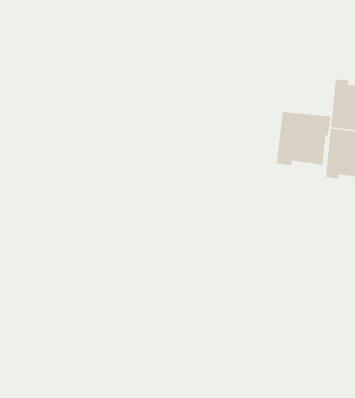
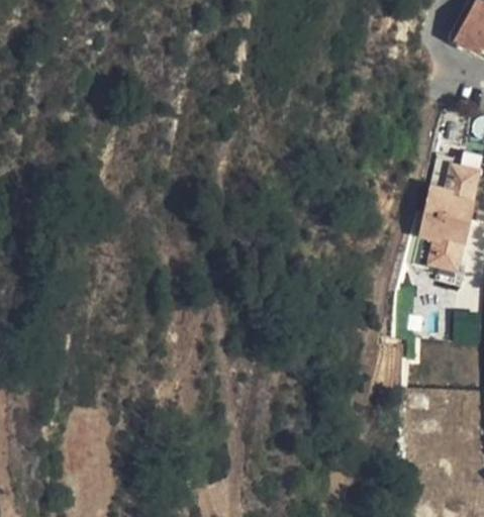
building: [276,111,331,166] -> none

